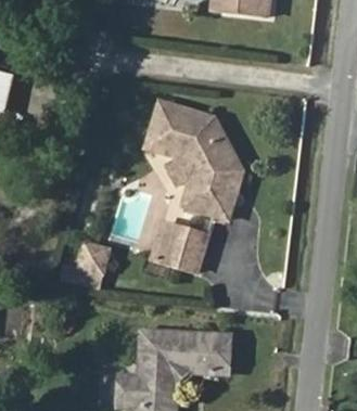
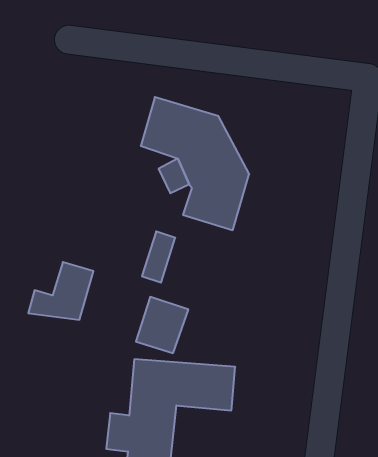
building: [165,223,209,271] -> [136,297,188,353]

